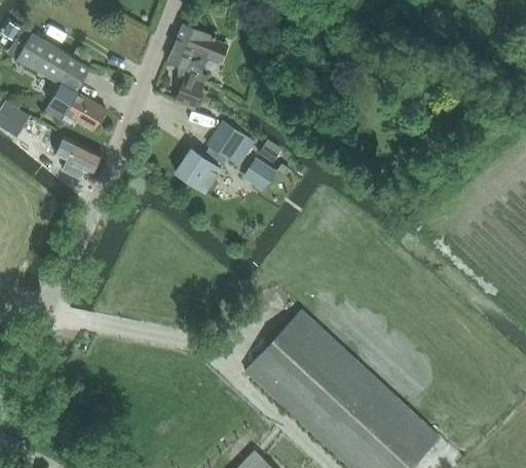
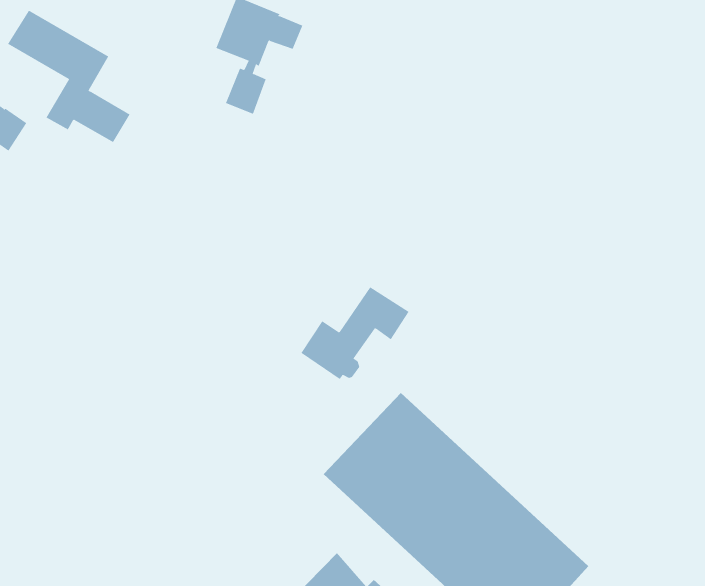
building: [176,124,255,192] -> [301,286,410,380]
building: [62,140,101,180] -> none
building: [242,157,277,192] -> none

